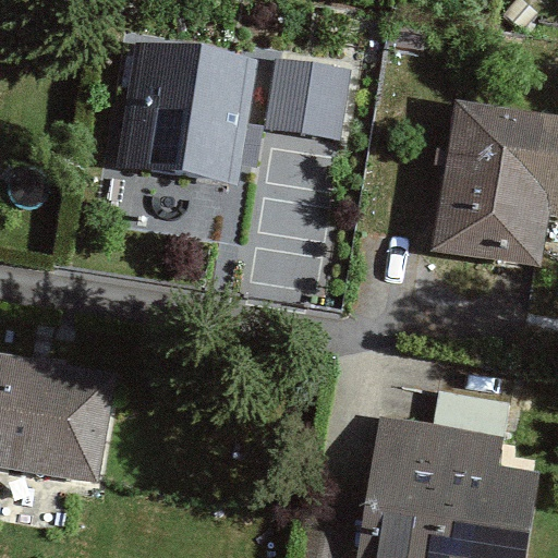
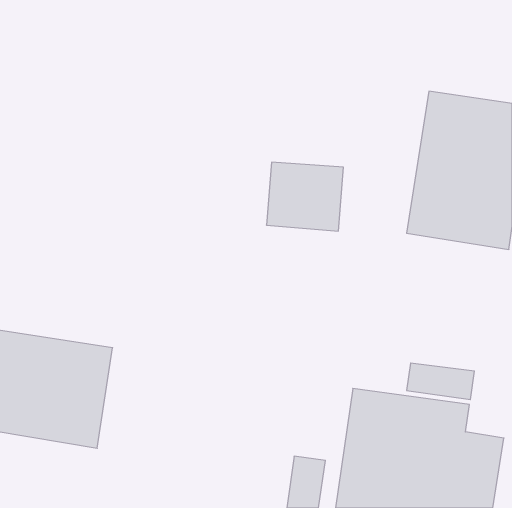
building: [107,41,239,190] -> none
building: [250,61,332,135] -> [266,162,343,231]

